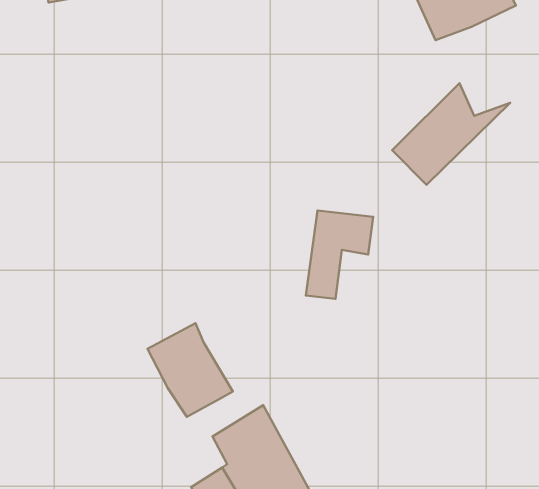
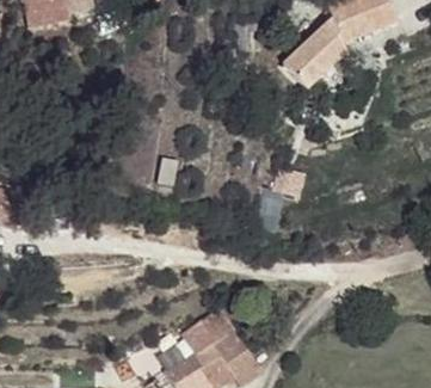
building: [392,83,510,185] -> [284,18,370,92]
building: [148,323,233,417] -> none

